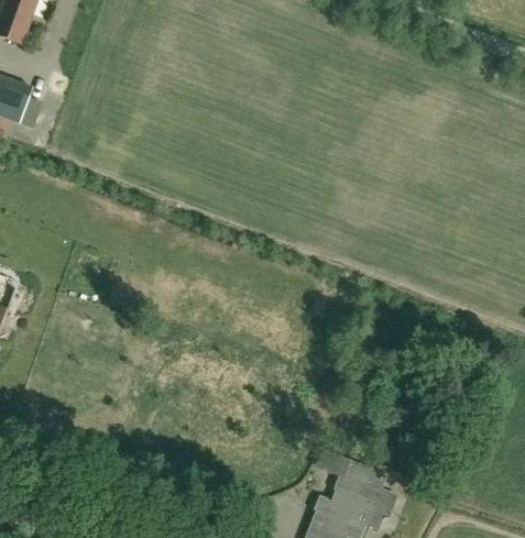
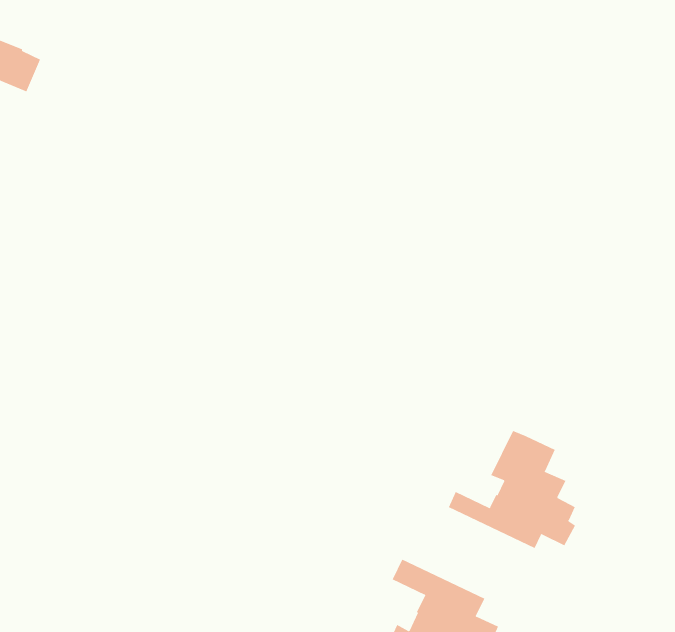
building: none -> [448,430,576,549]

